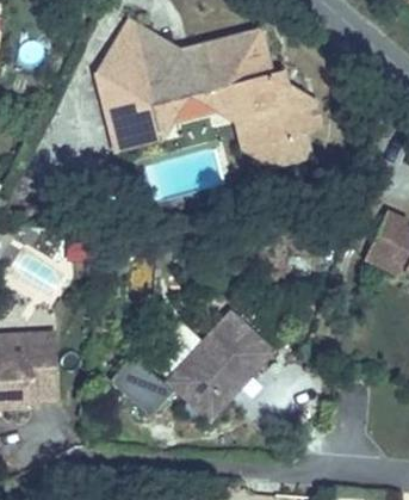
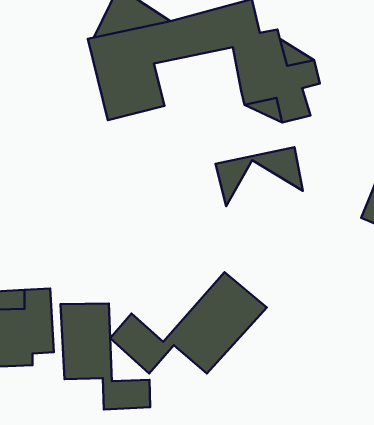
building: [159,84,247,143] -> [216,147,303,206]
building: none -> [60,304,150,410]

